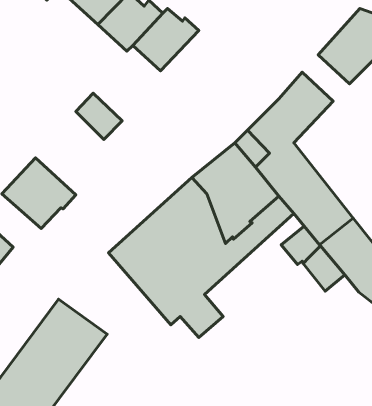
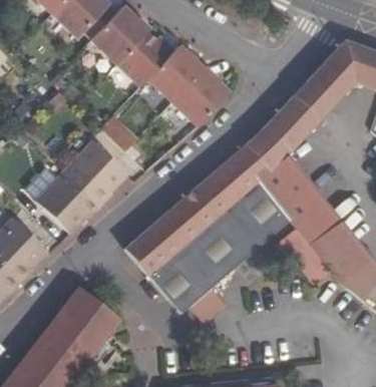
building: none -> [170,57,230,119]
building: none -> [293,78,334,118]
building: none -> [62,138,123,200]

